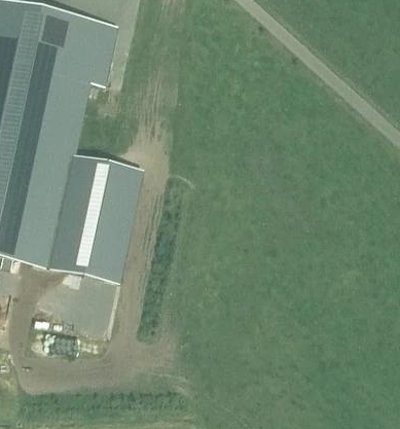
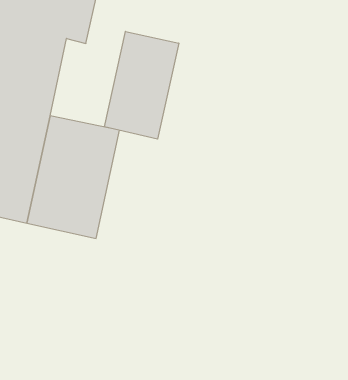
building: none -> [104,31,179,139]

